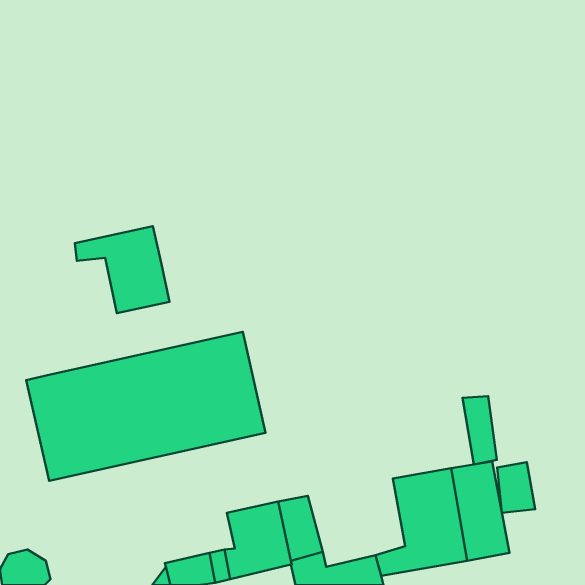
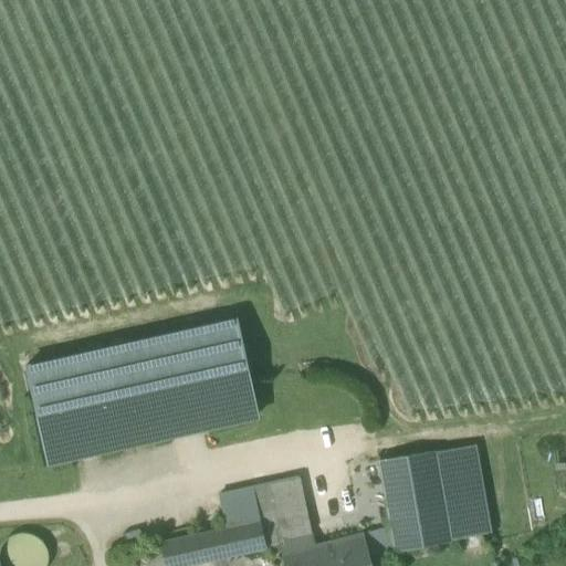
building: [75,226,170,313] -> none
building: [462,396,497,464] -> none
building: [497,462,535,513] -> none

